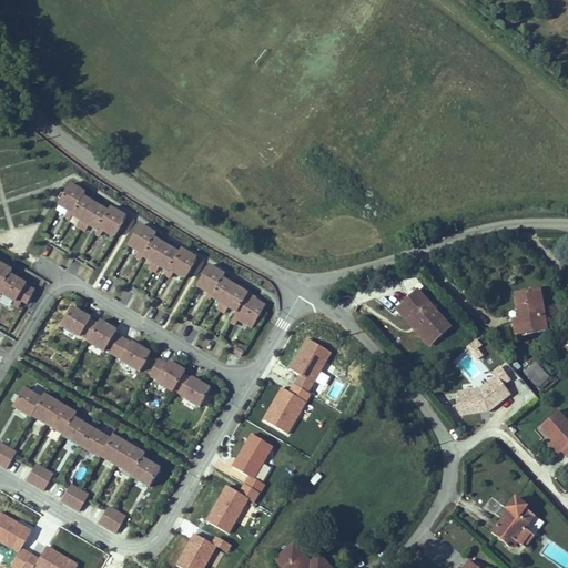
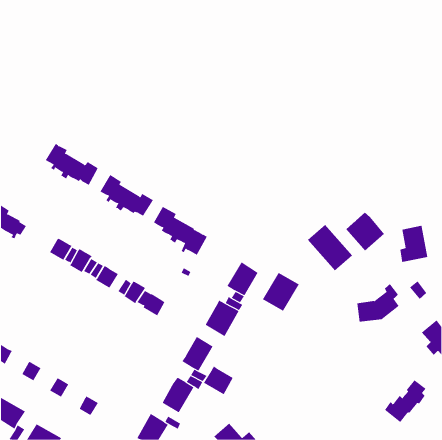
building: none -> [345,212,385,252]
building: none -> [262,272,299,311]
building: [12,388,161,488] -> none
building: none -> [203,366,233,395]

